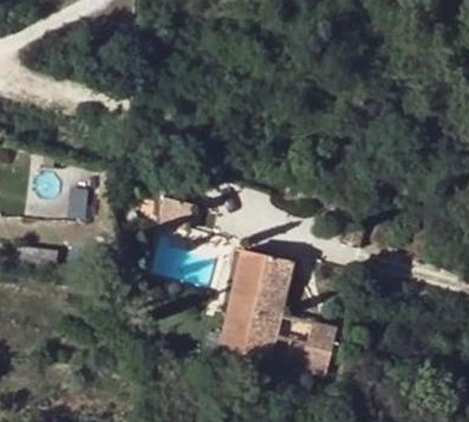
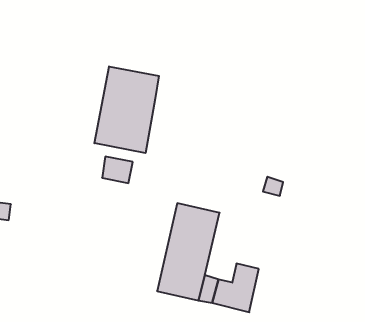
building: none -> [94,66,159,153]

